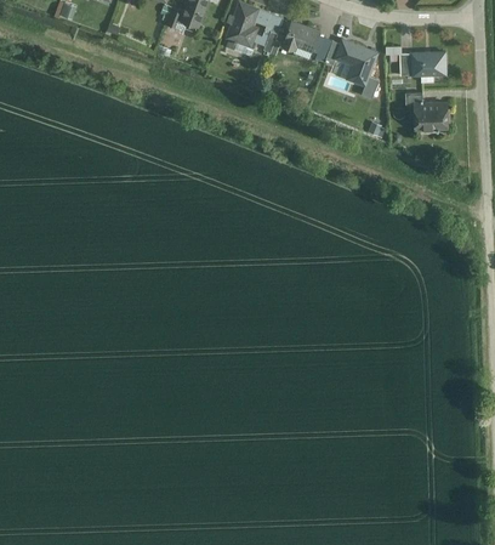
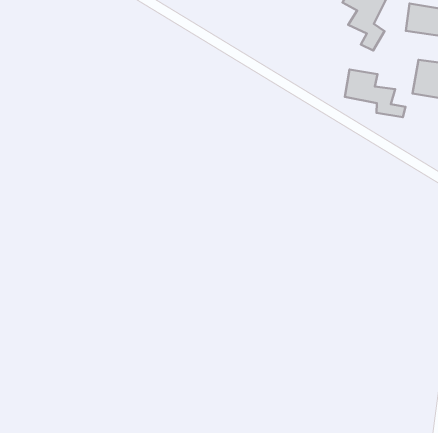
building: none -> [345,70,405,117]

